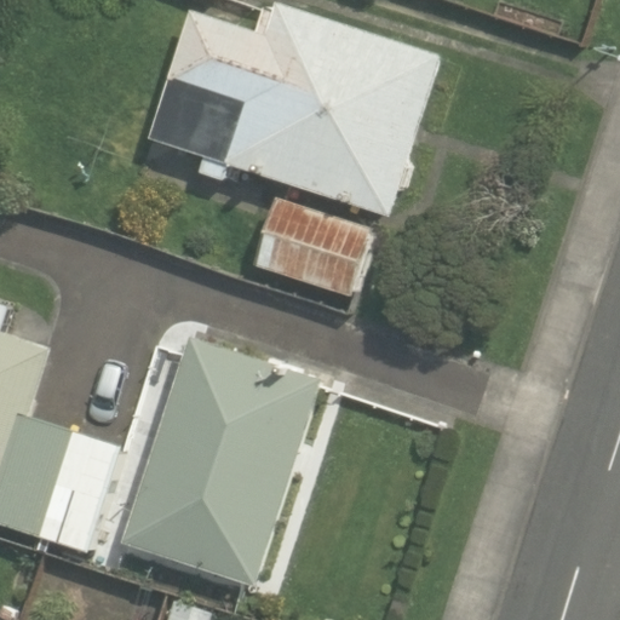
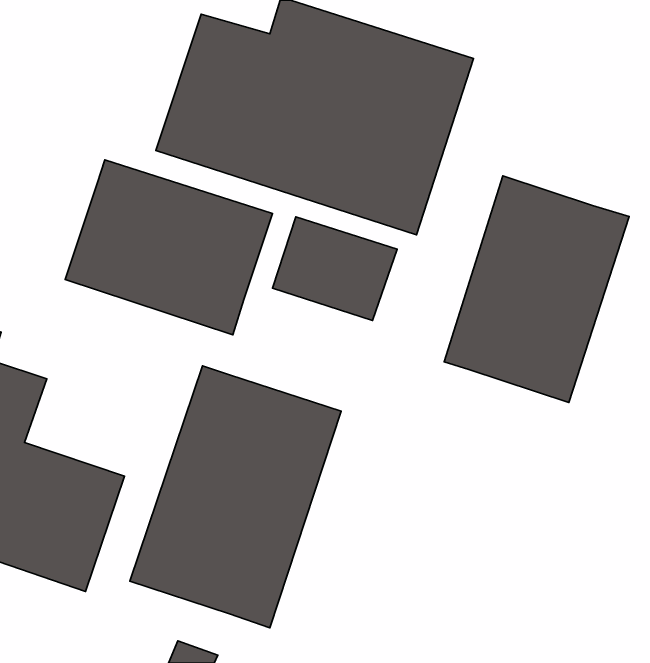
building: none -> [65,160,272,335]
building: none -> [444,176,629,403]

